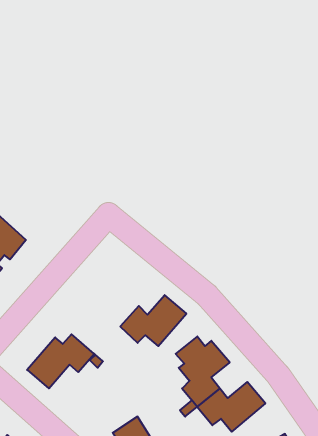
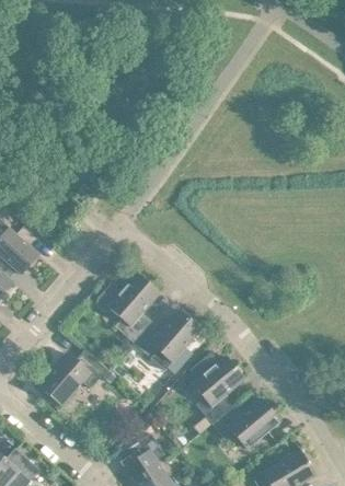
building: none -> [97,275,159,344]

